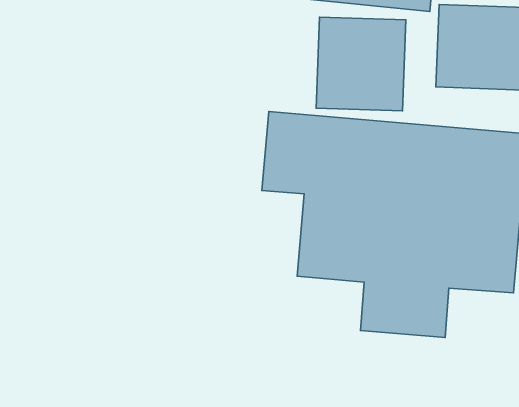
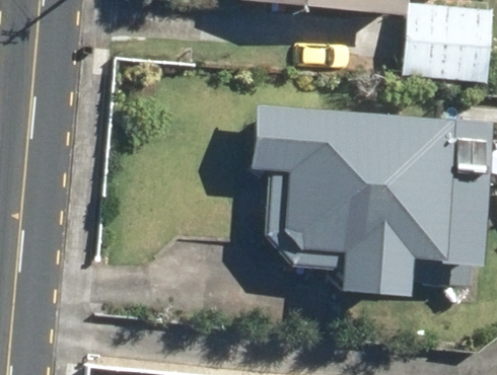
building: [316,17,406,111] -> none

